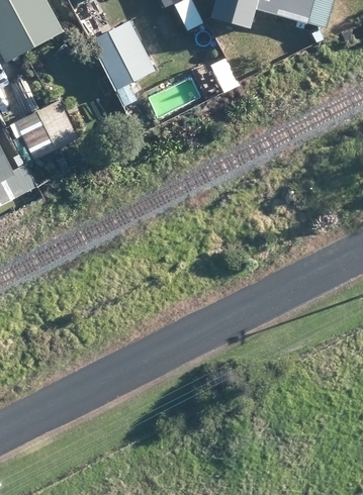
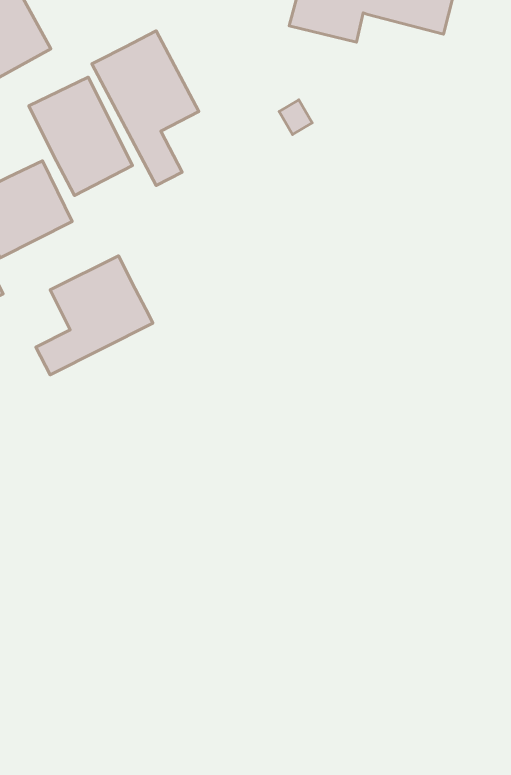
building: none -> [29,77,132,196]
building: none -> [36,256,153,375]

